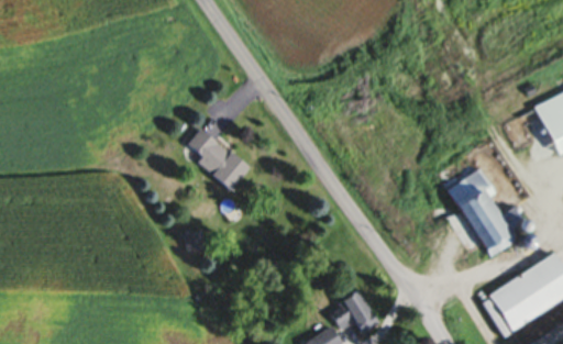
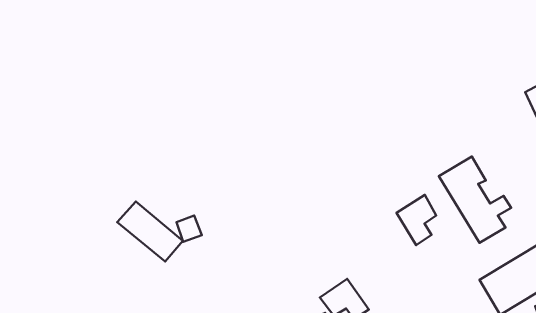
building: [186,129,252,189] -> [117,201,183,261]
building: none -> [397,195,436,245]

